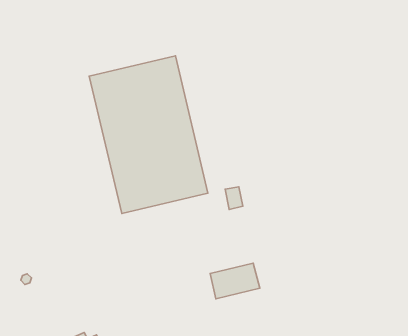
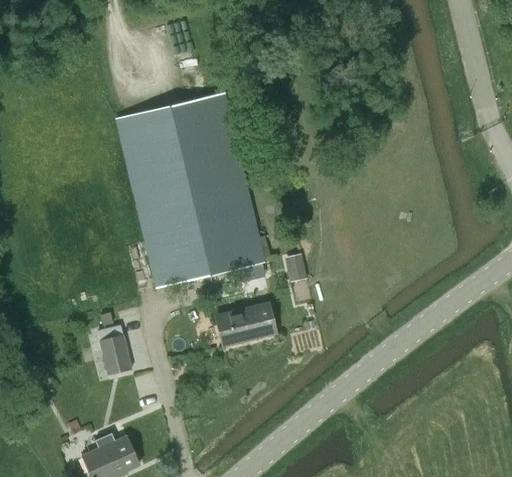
building: none -> [100,334,132,375]
building: [210,263,260,299] -> [216,302,277,346]

